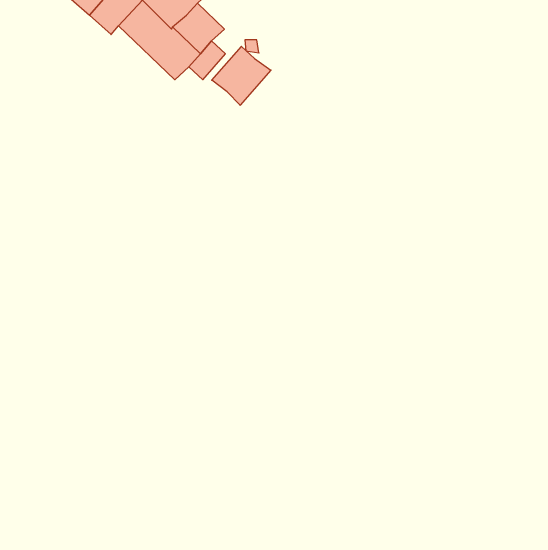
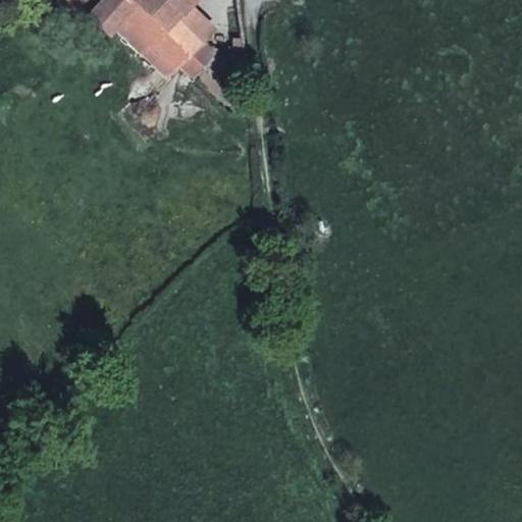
building: [212,46,271,105] -> none

